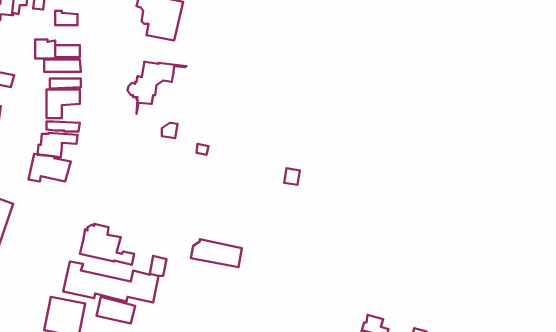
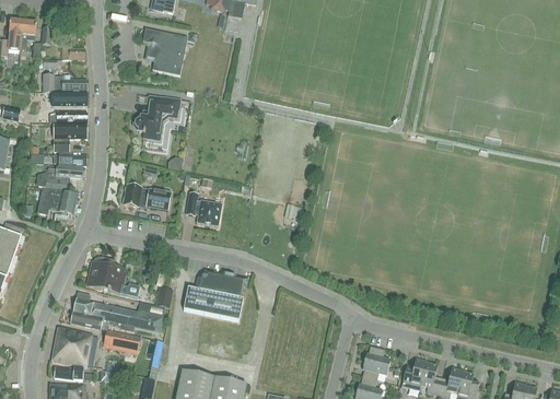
building: none -> [122,185,171,210]
building: none -> [185,192,221,226]
building: none -> [183,287,243,321]

